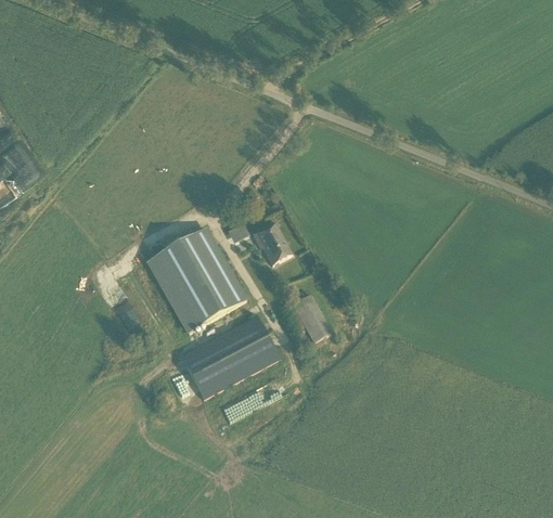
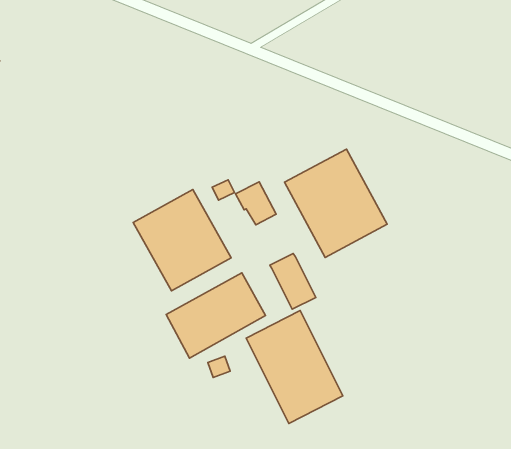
building: none -> [285,149,387,257]
building: none -> [246,311,343,424]

